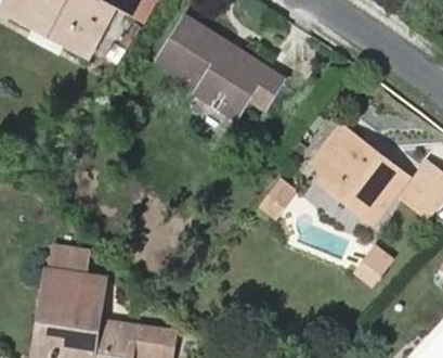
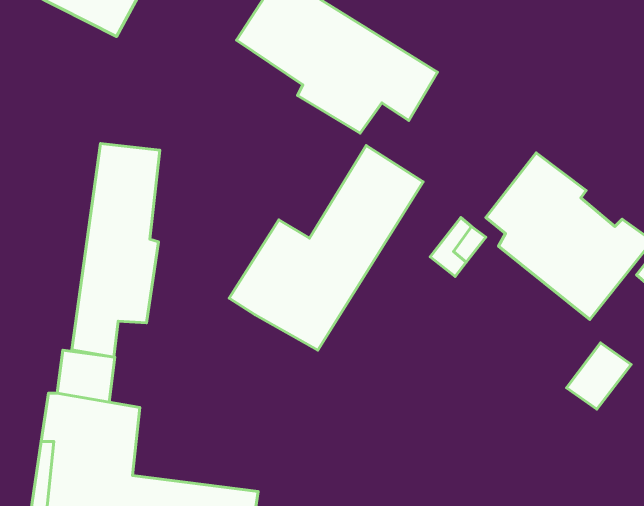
building: none -> [72,143,160,357]
building: none -> [229,146,423,350]

